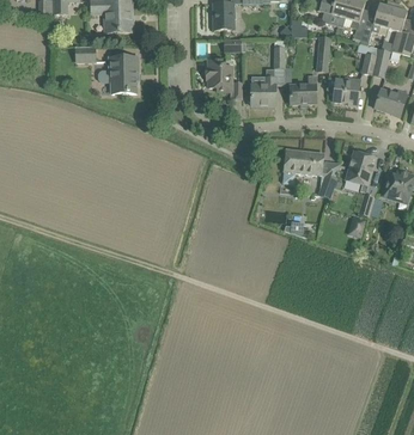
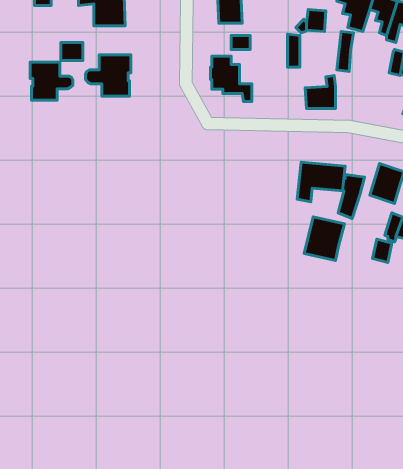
building: none -> [30,62,73,100]
building: [251,76,275,104] -> none
building: [334,78,359,105] -> none
building: none -> [304,217,345,261]

